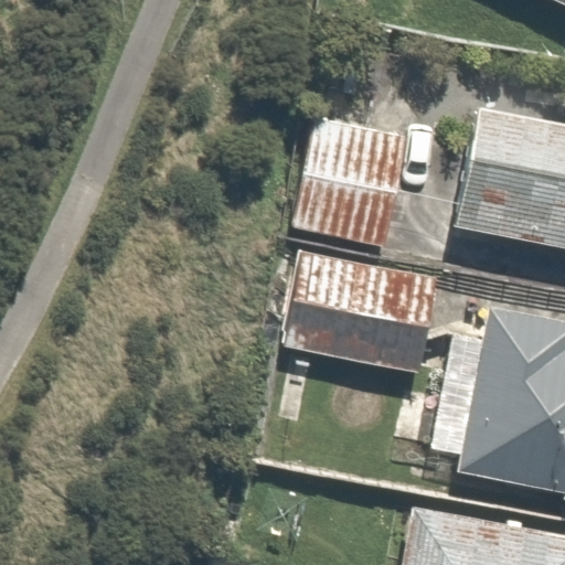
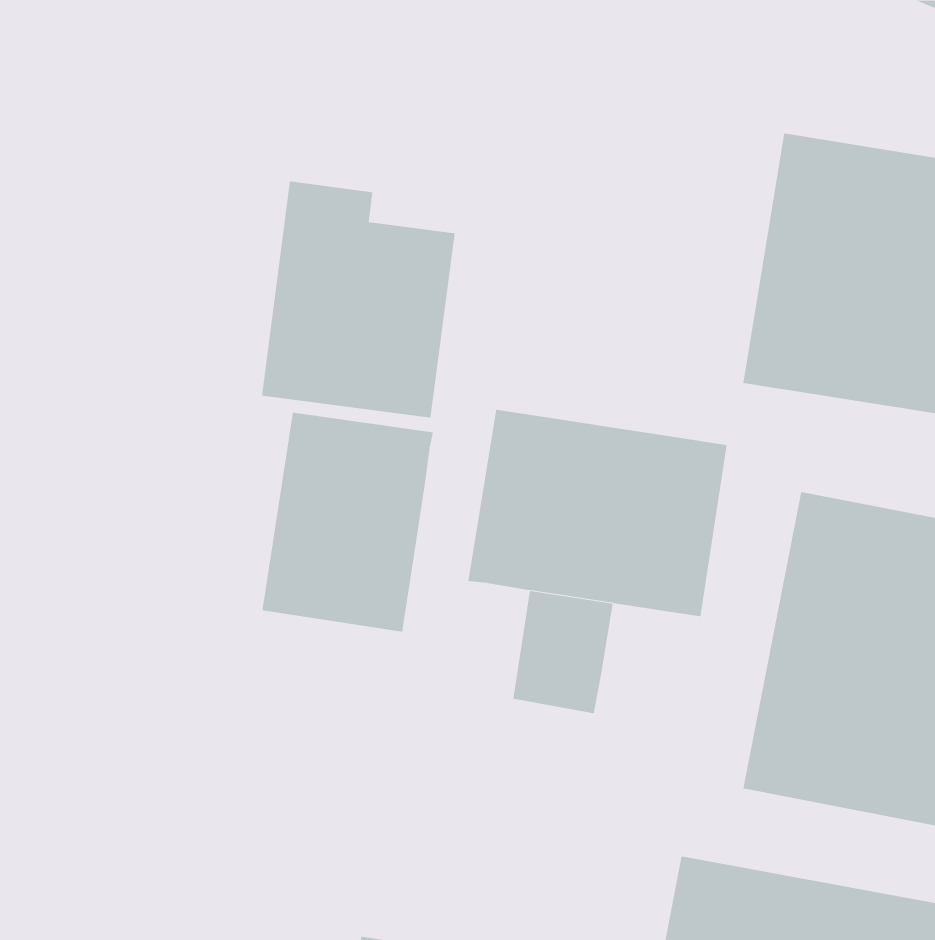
building: [297,103,412,243] -> [261,181,456,418]
building: none -> [262,412,433,633]

